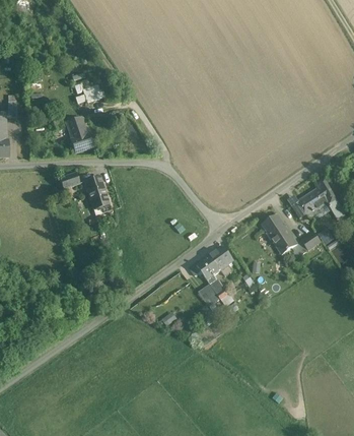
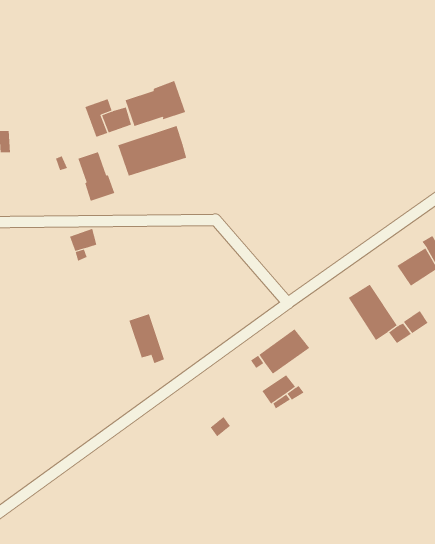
building: none -> [125,80,186,127]
building: none -> [118,125,187,176]
building: [84,176,111,212] -> [129,314,165,364]

